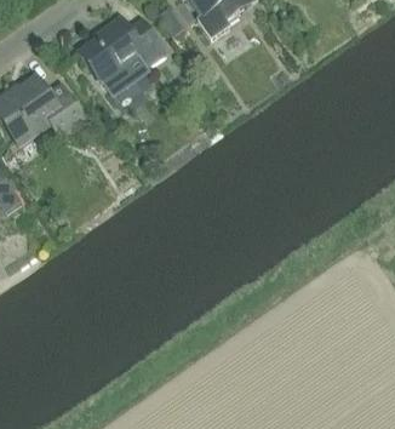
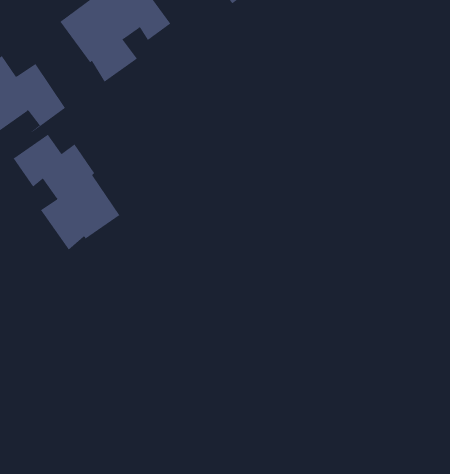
building: none -> [13,134,120,251]

